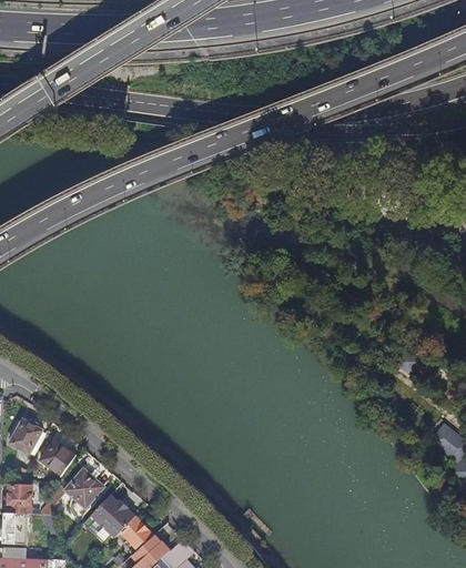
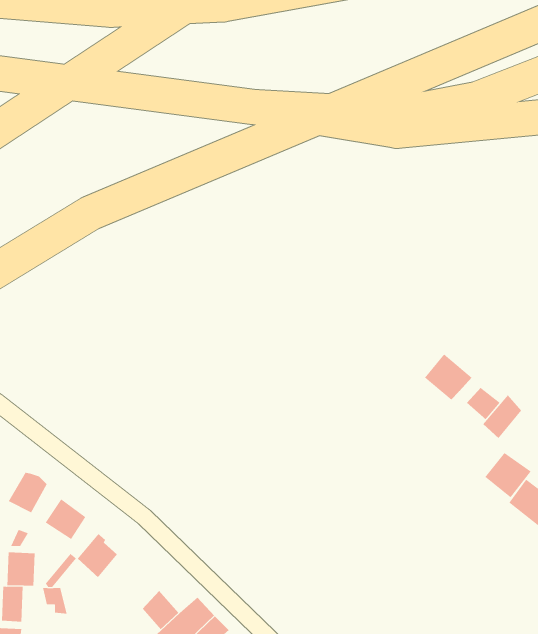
building: none -> [424,354,472,401]
building: none -> [483,394,522,439]
building: none -> [485,452,532,498]
building: [91,495,135,537] -> none

